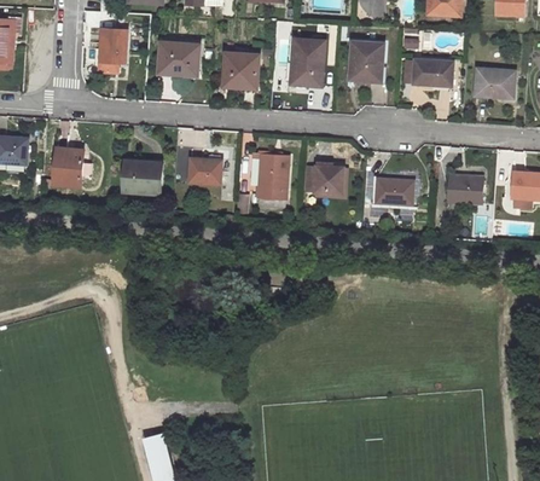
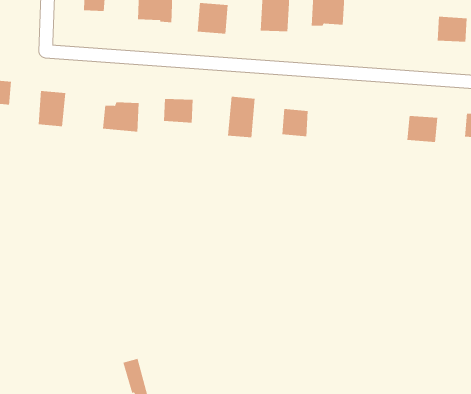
building: [412,58,452,86] -> none
building: [376,178,414,204] -> none

